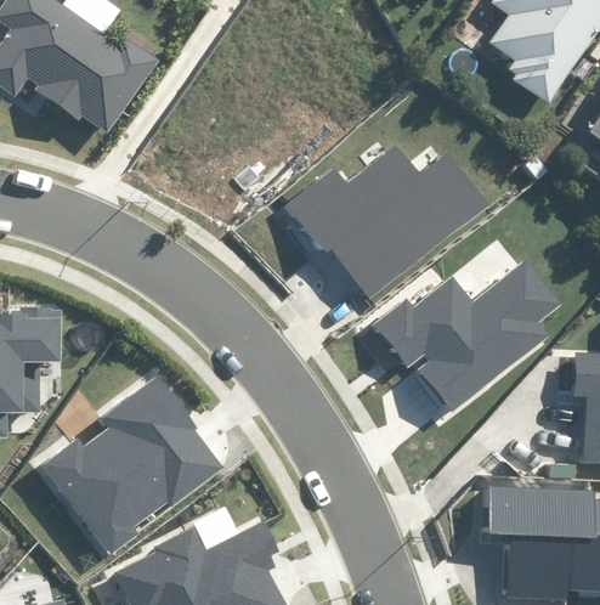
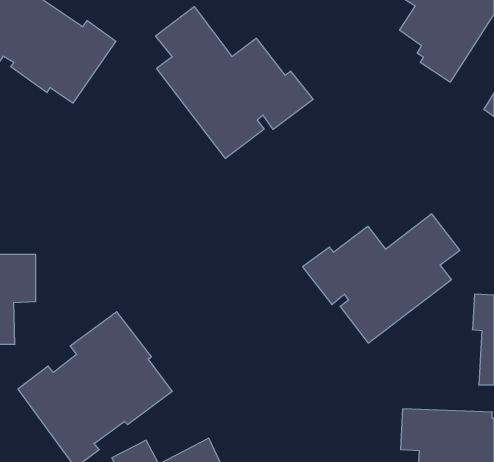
building: none -> [156,7,313,158]
building: [285,146,491,299] -> none

